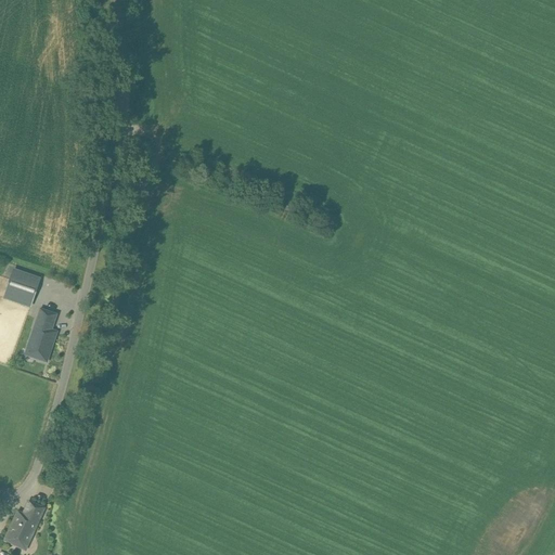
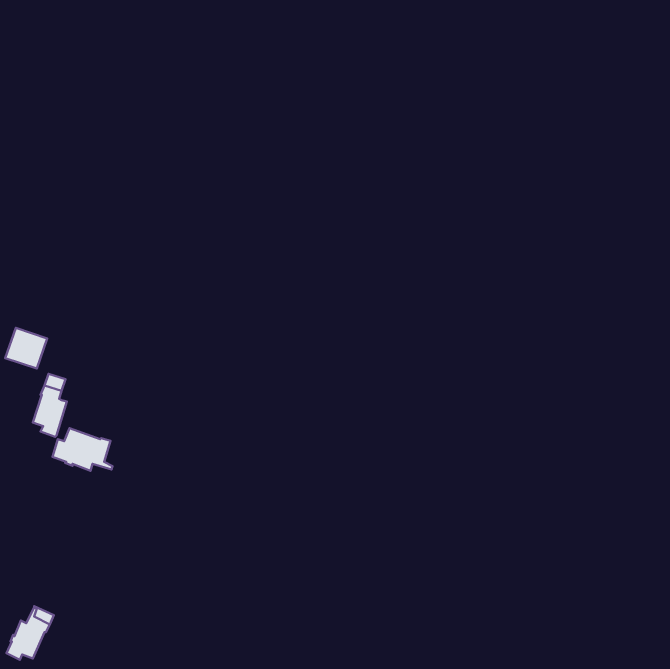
building: none -> [53,428,112,471]

